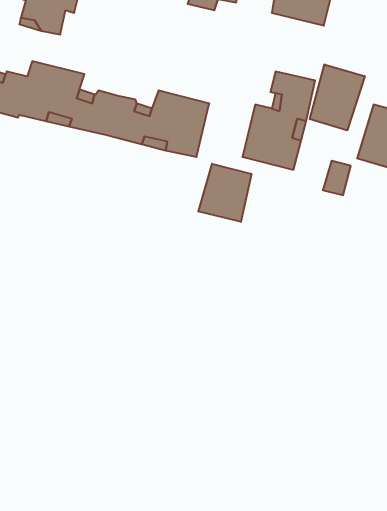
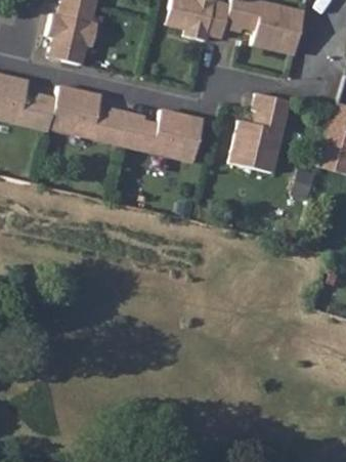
building: [310,64,365,130] -> none
building: [198,164,252,222] -> none

